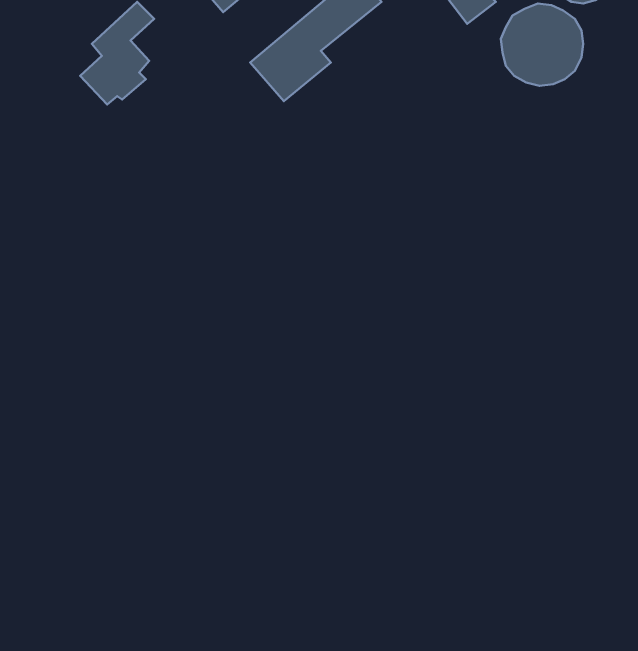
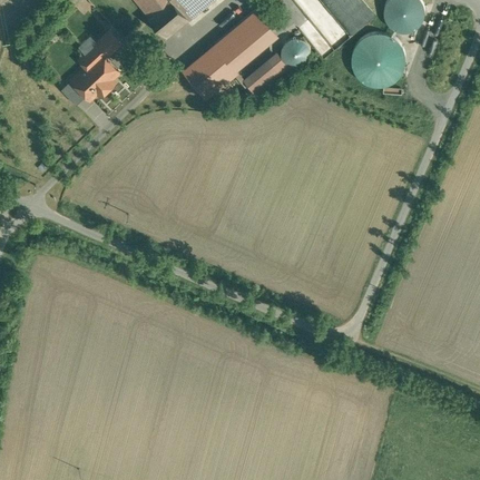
building: none -> [281,37,310,67]
building: none -> [243,58,281,95]

